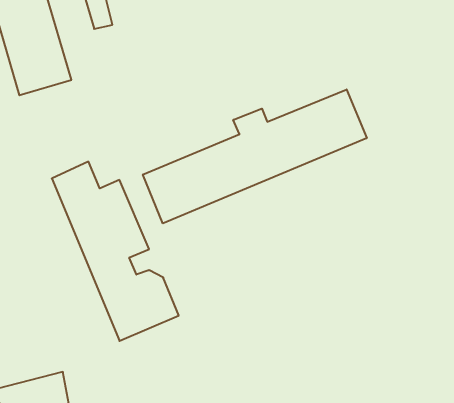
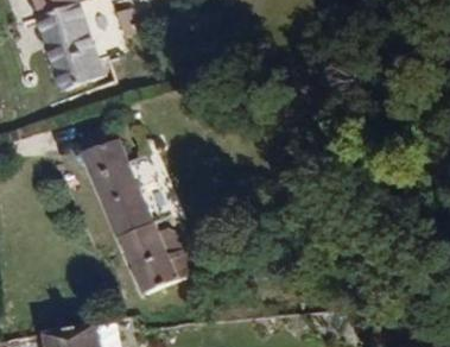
building: [143,89,367,223] -> none

